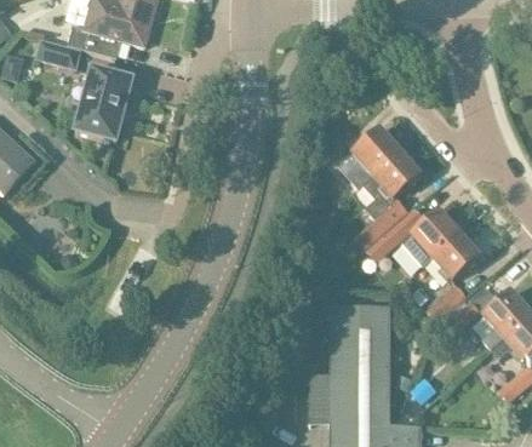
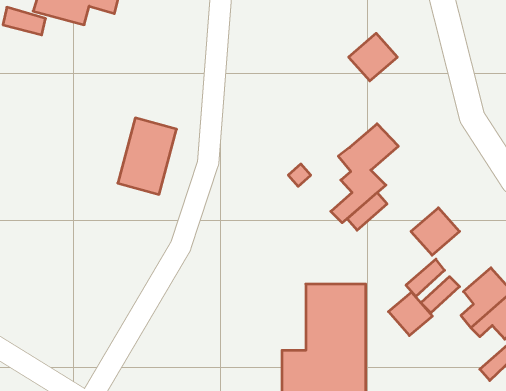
building: [75,67,132,141] -> [118,118,177,194]
building: [353,128,400,174] -> [349,33,397,81]
building: [404,210,459,264] -> none
building: none -> [388,292,432,336]

